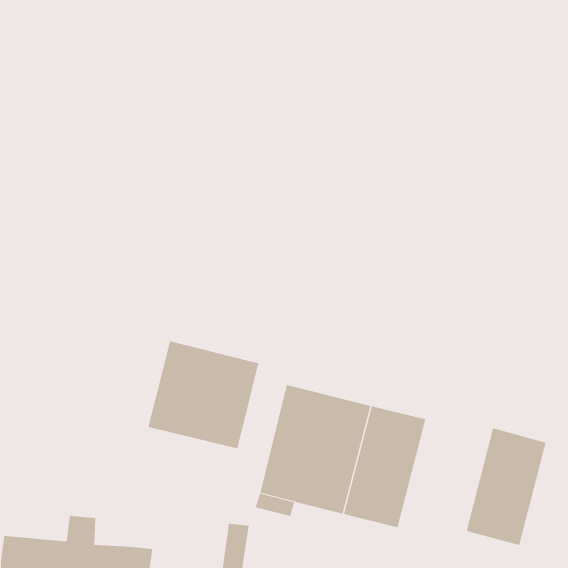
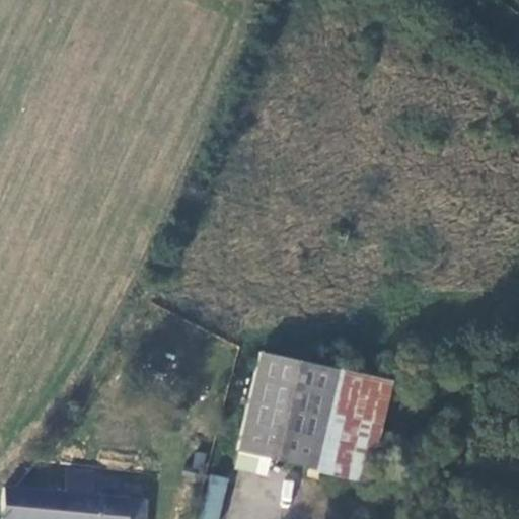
building: [148,340,259,449] -> none
building: [466,428,546,546] -> none

